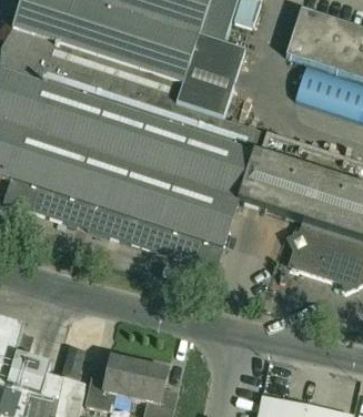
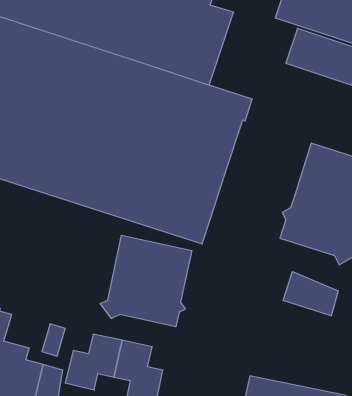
building: [238,151,320,222] -> none
building: none -> [100,235,192,327]
building: none -> [283,272,338,316]

